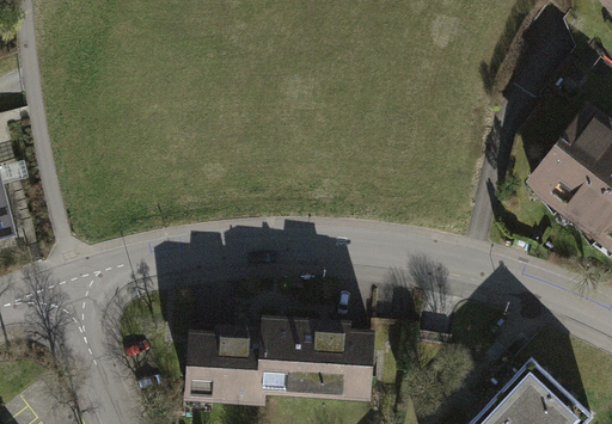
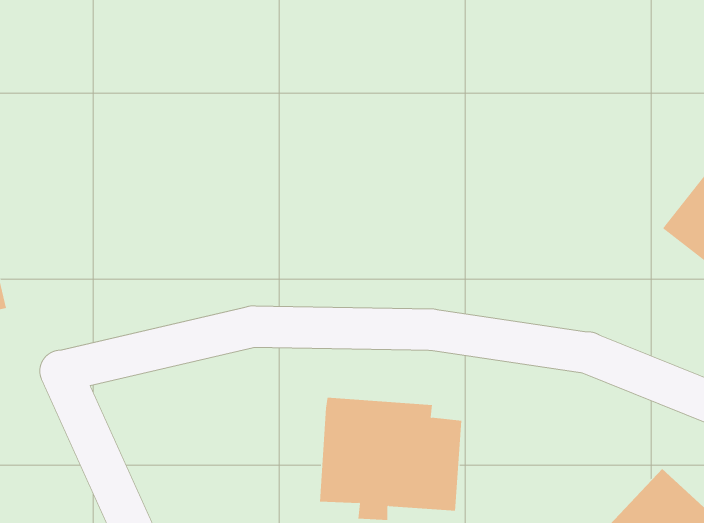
building: [186,318,265,401] -> none

